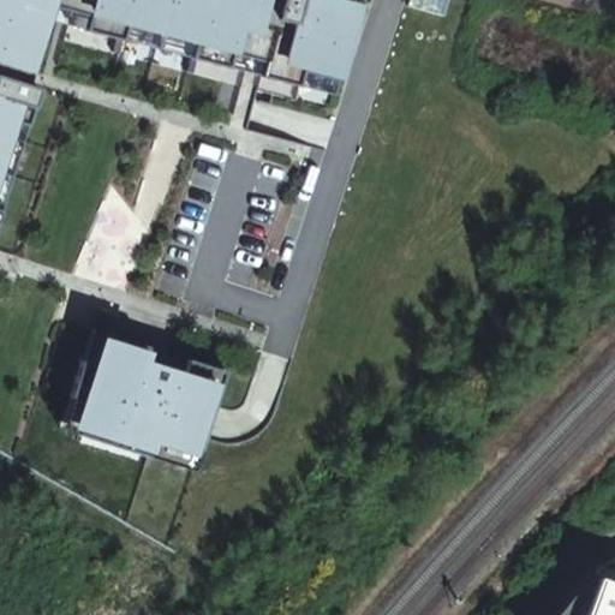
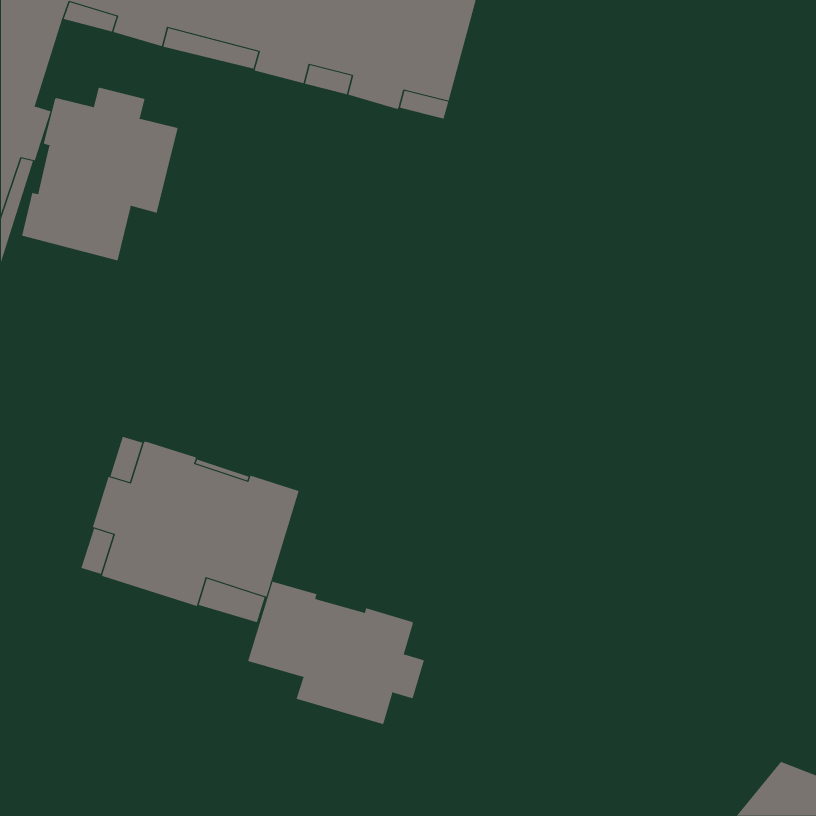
building: none -> [22,87,178,261]
building: none -> [247,581,425,725]

